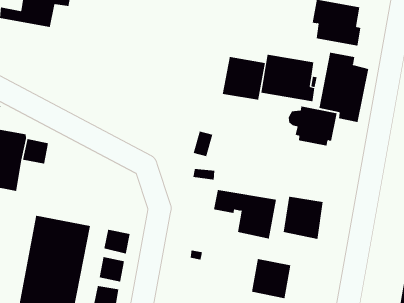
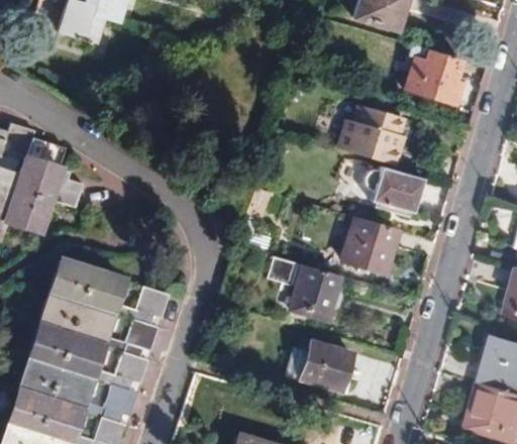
building: [319,52,369,123] -> none
building: [222,56,265,101] -> none
building: [283,196,324,240] -> [343,217,395,271]

